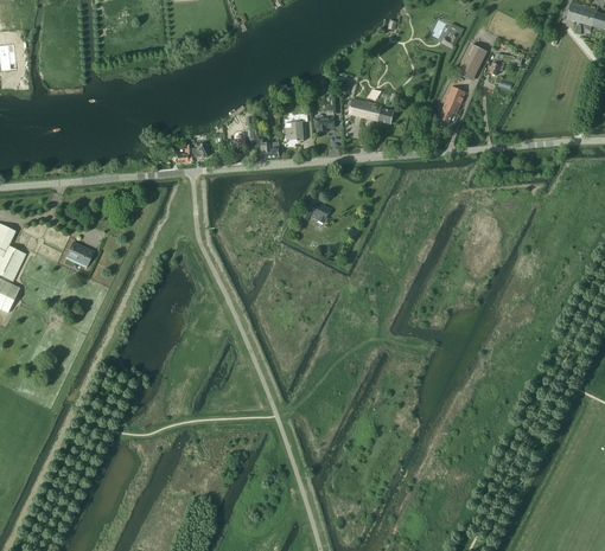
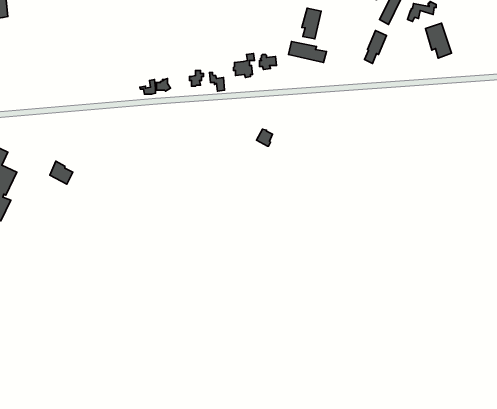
building: none -> [302,8,321,39]
building: none -> [426,23,452,58]

